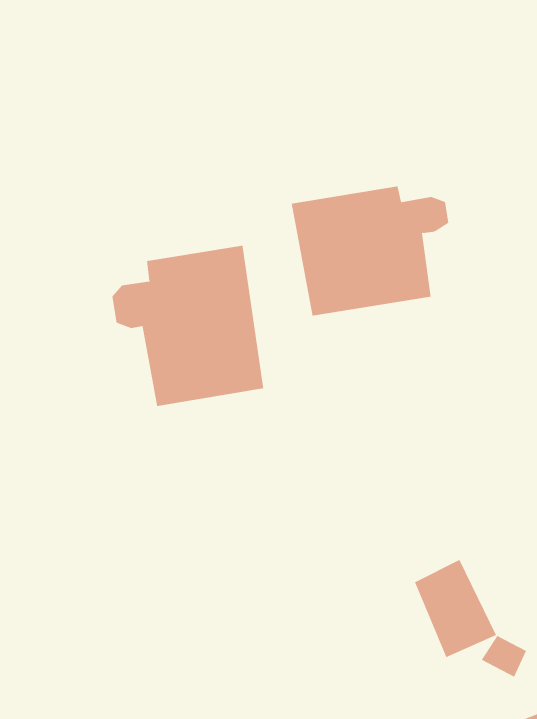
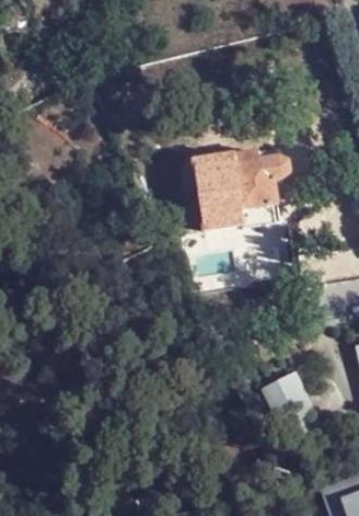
building: [112,245,264,407] -> none

